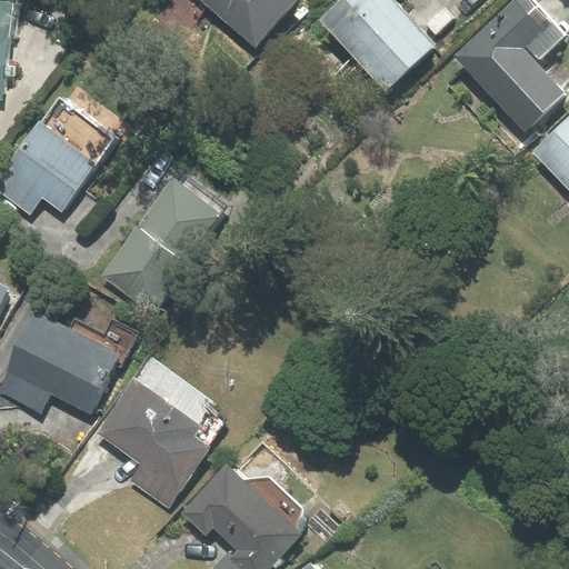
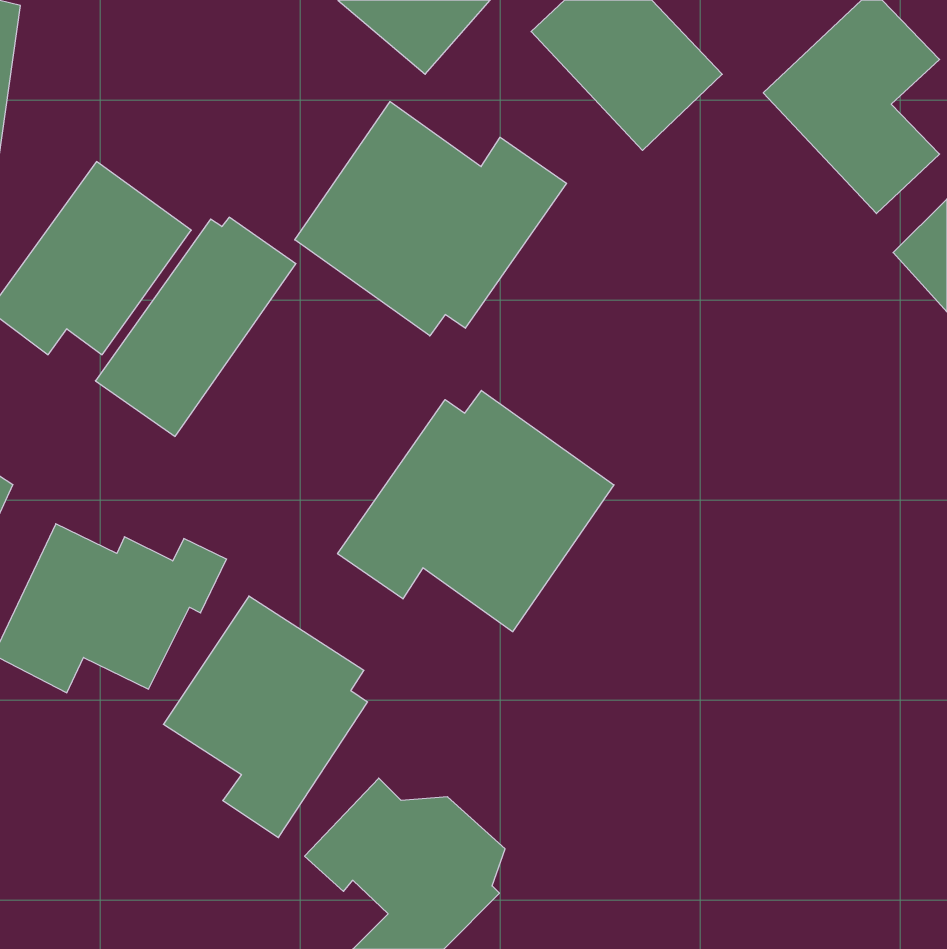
building: none -> [295,102,567,336]
building: [104,178,224,309] -> [95,217,296,436]
building: none -> [338,390,614,632]

